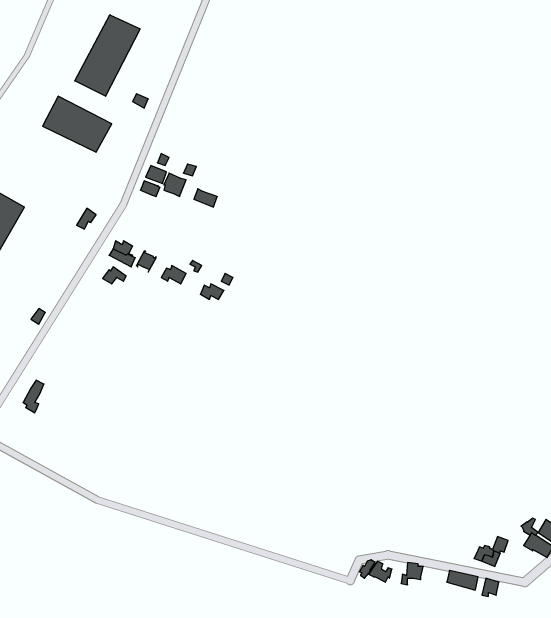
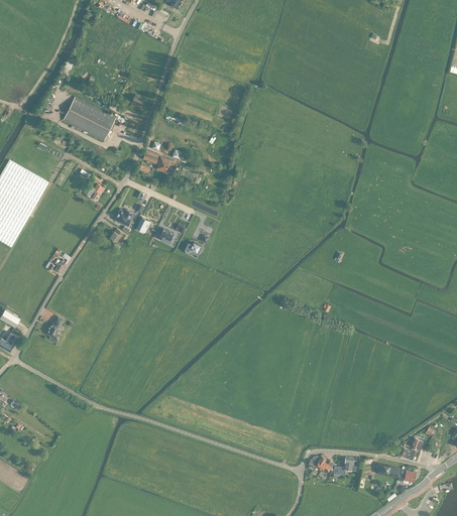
building: [75,15,140,96] -> none

